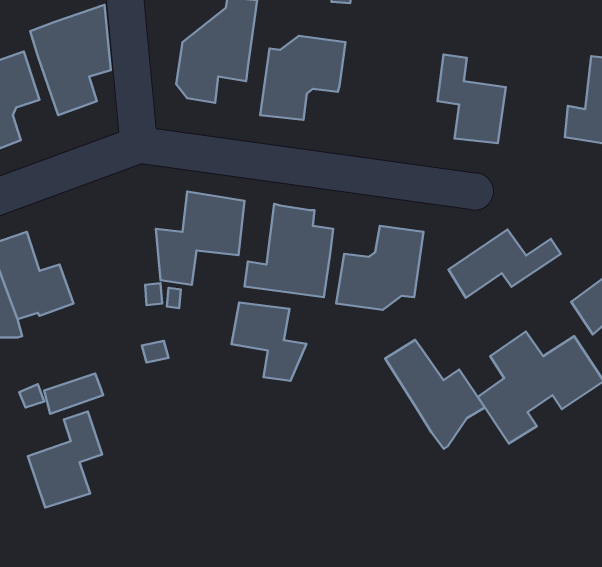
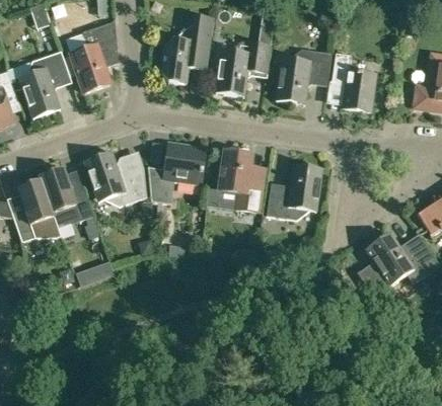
building: none -> [275,49,330,104]
building: none -> [83,151,146,206]
building: [449,229,561,298] -> none
building: [232,302,306,381] -> none
building: [385,340,485,449] -> none
building: [28,412,102,507] -> none

